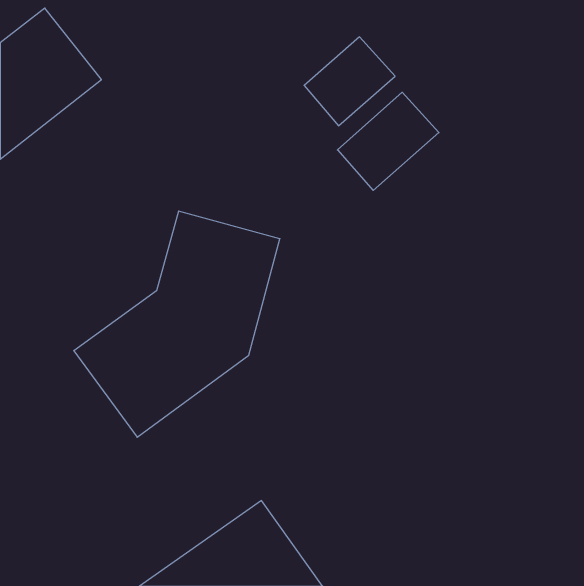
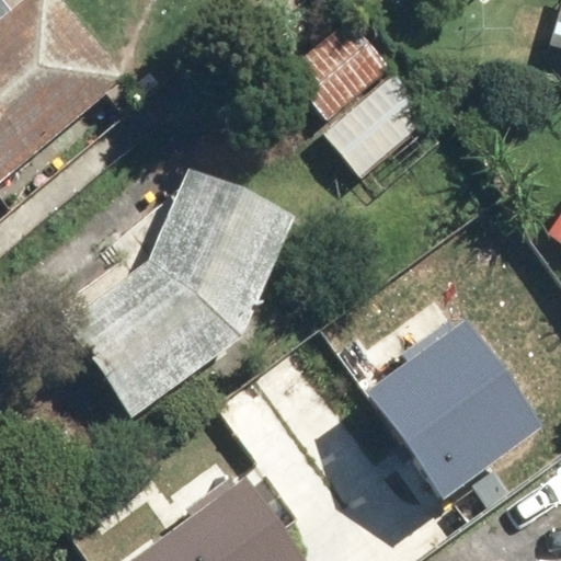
building: none -> [367,320,536,489]

